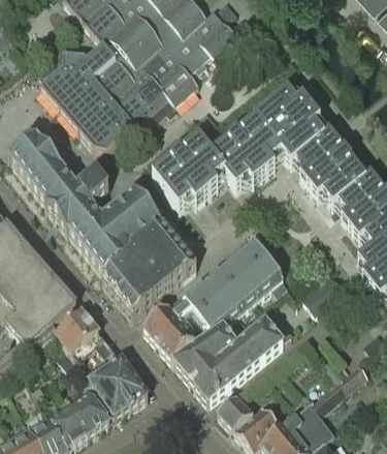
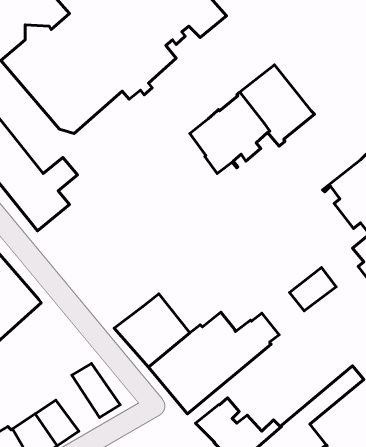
building: [295,128,364,201] -> none
building: [152,135,225,207] -> none
building: [73,189,196,316] -> none
building: [183,239,283,330] -> none
building: [55,308,99,352] -> none
building: [86,360,129,417] -> none

